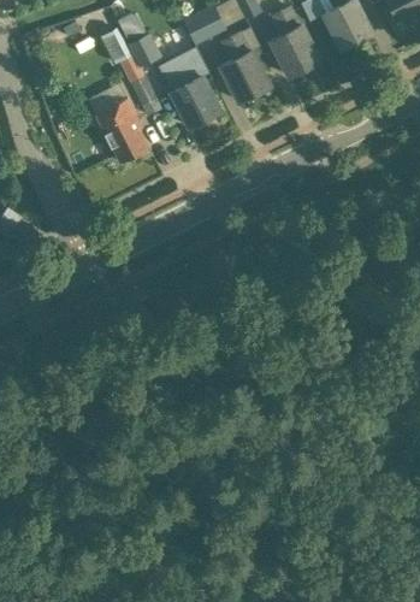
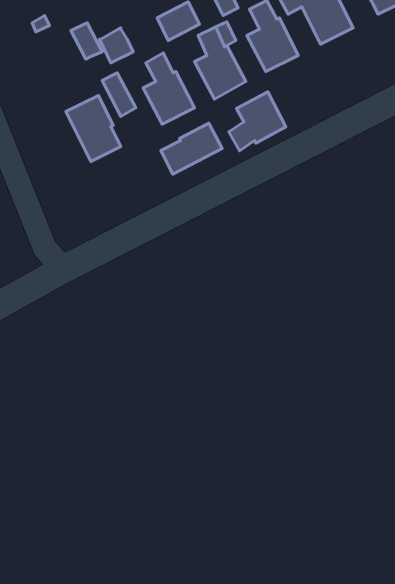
building: none -> [229,92,286,151]
building: none -> [161,123,222,174]

